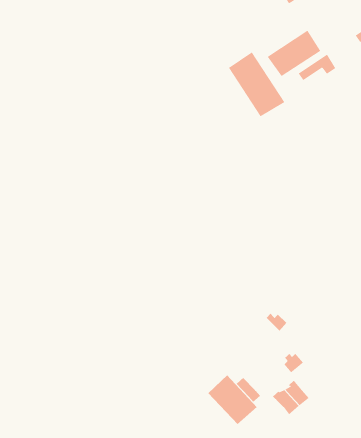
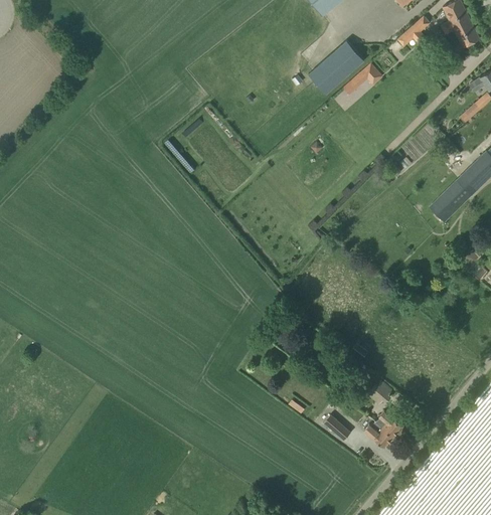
building: [228,52,285,117] -> none
building: [208,374,258,425] -> none

